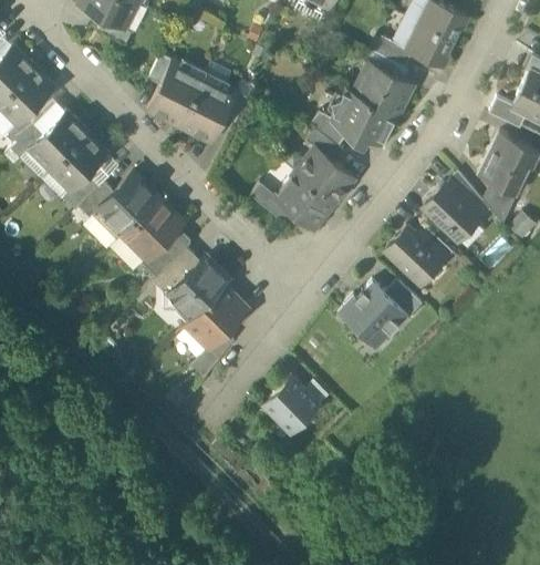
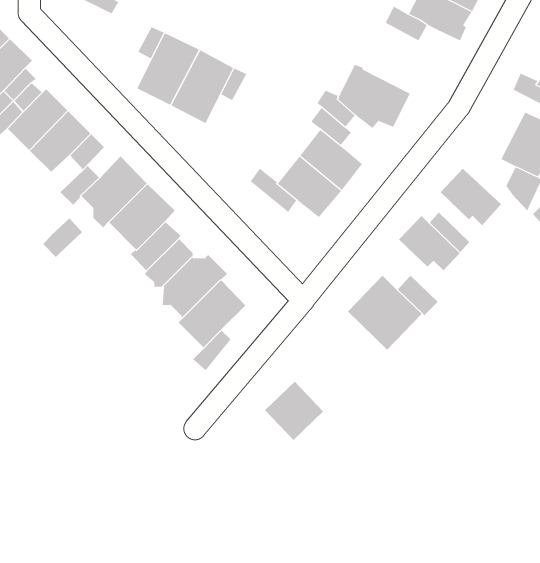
building: [353,66,409,116] -> none
building: [62,173,98,209] -> [43,217,83,258]
building: [446,173,488,217] -> none

